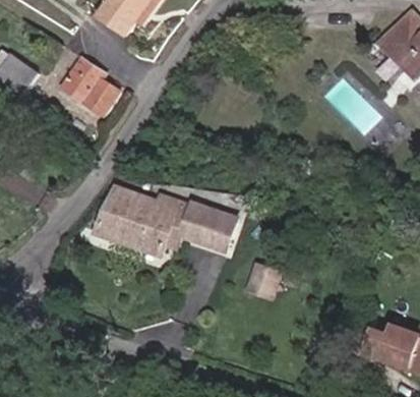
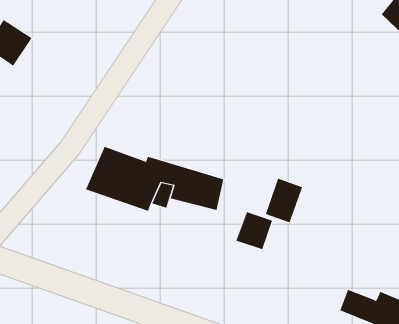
building: [64,59,114,112] -> none
building: none -> [265,178,303,223]

